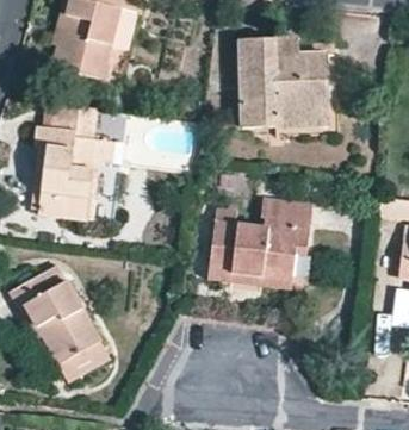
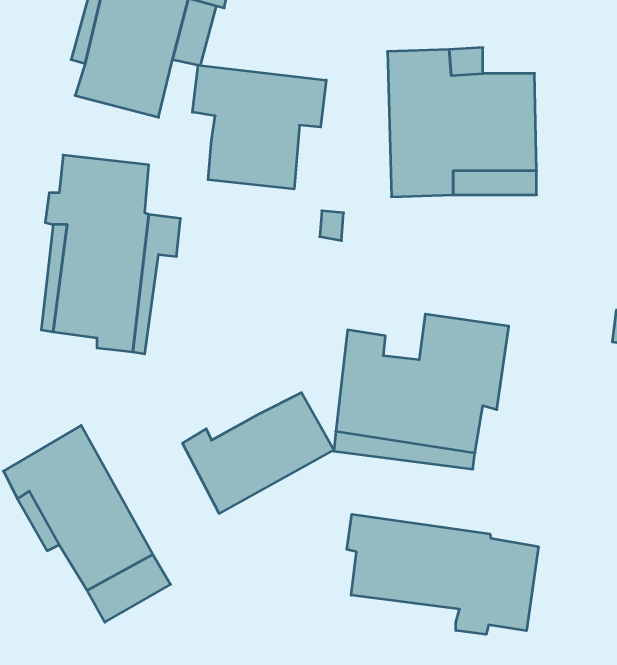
building: none -> [192,65,326,189]
building: none -> [183,393,334,513]
building: none -> [347,514,538,634]

